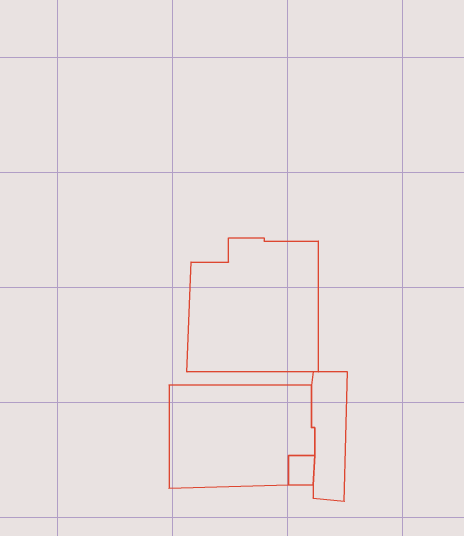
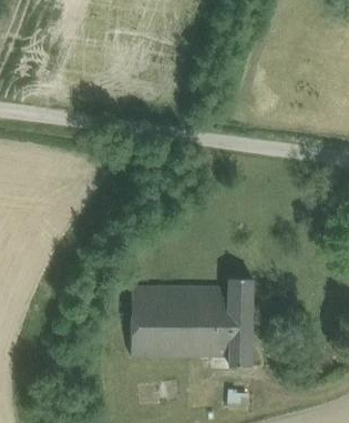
building: [187,238,318,372] -> none

